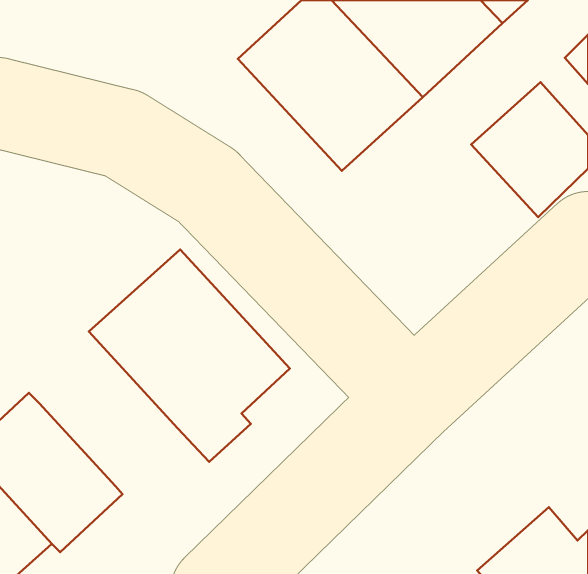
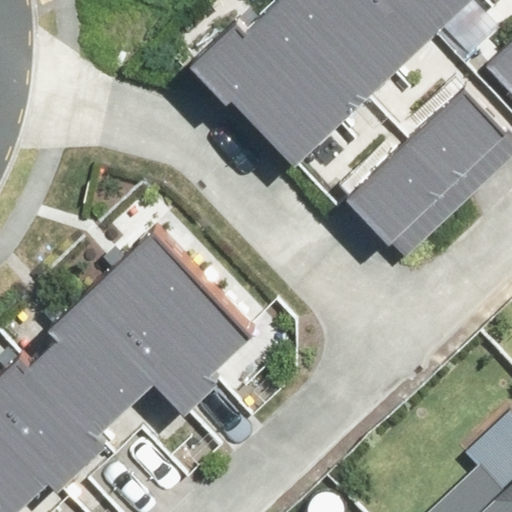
building: none -> [349,139,466,256]
building: none -> [34,301,154,435]

